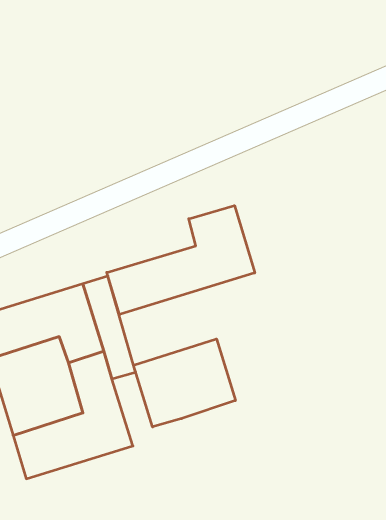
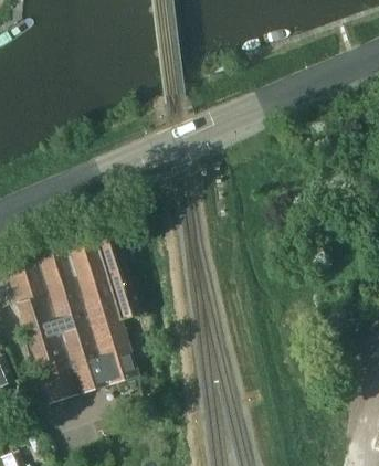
building: [107,206,255,315] -> none
building: [134,339,235,427] -> none

